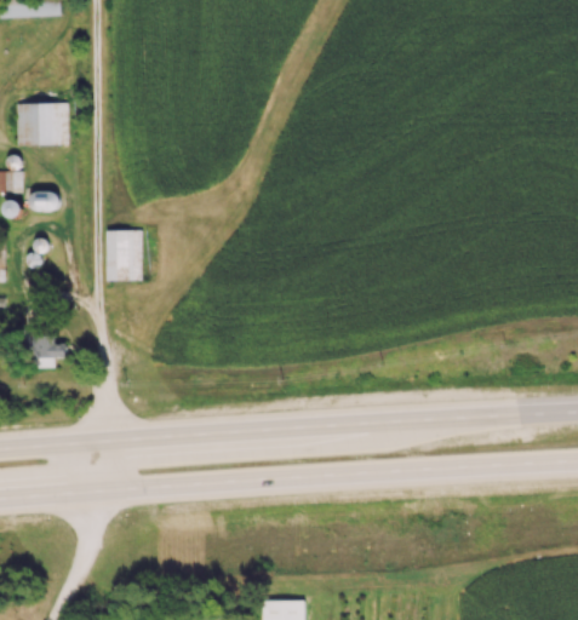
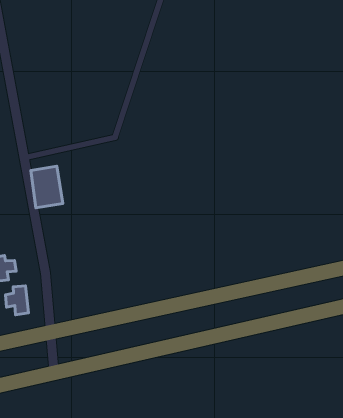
building: none -> [5,286,29,315]

